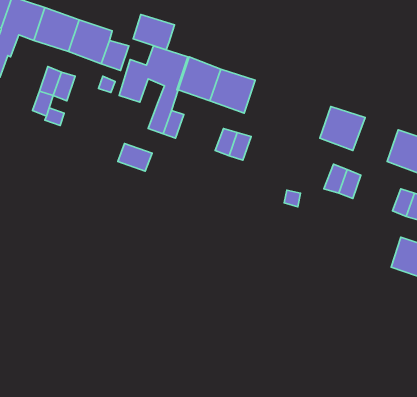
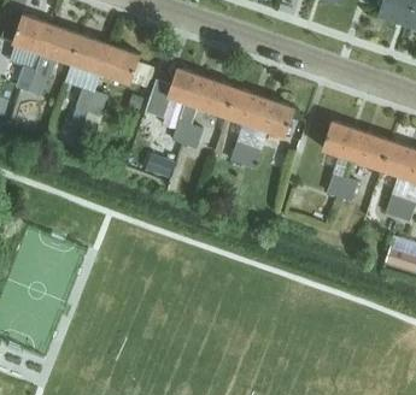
building: [133,15,175,50] -> none
building: none -> [256,99,294,137]
building: none -> [351,131,391,170]

